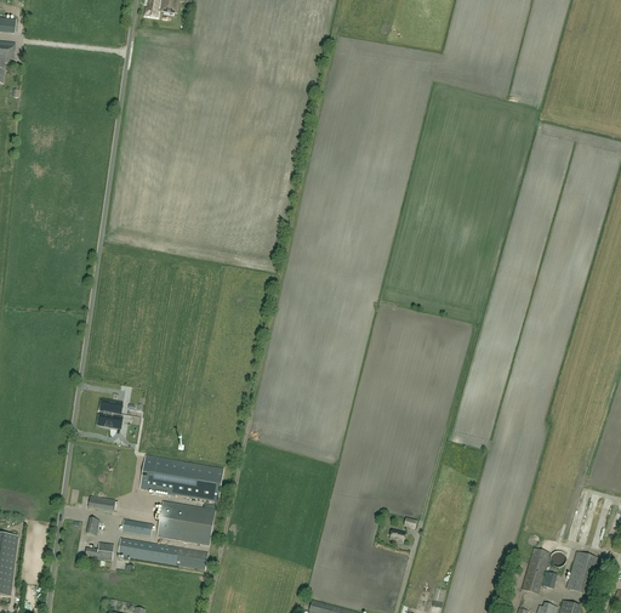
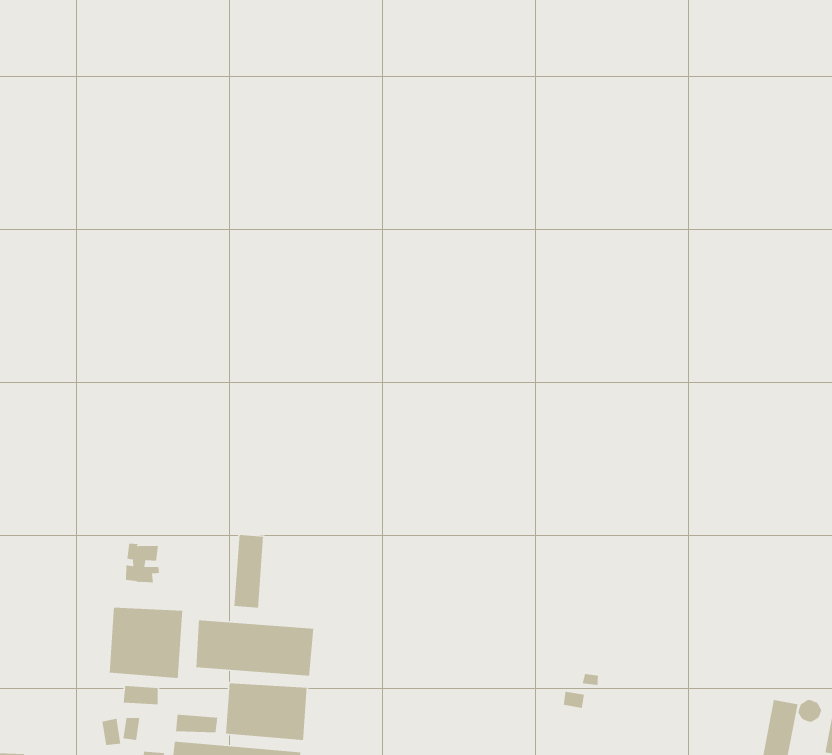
building: none -> [234,534,264,608]
building: none -> [109,607,183,679]

